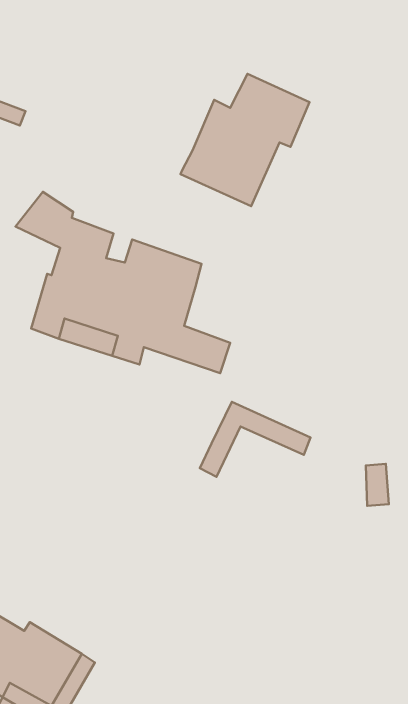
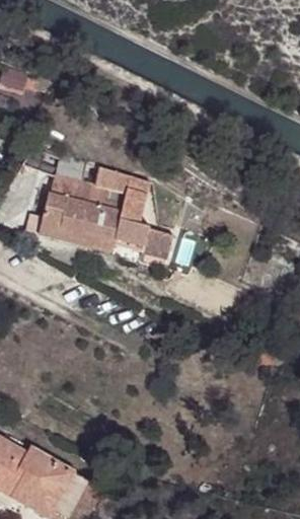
building: [181,74,309,206] -> none
building: [200,402,310,477] -> none

